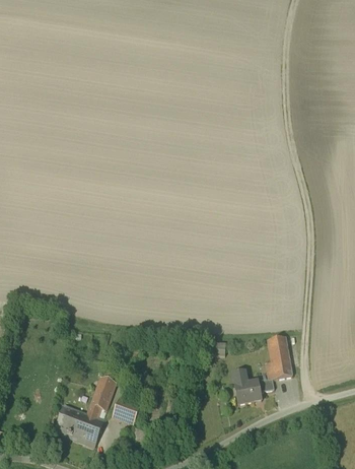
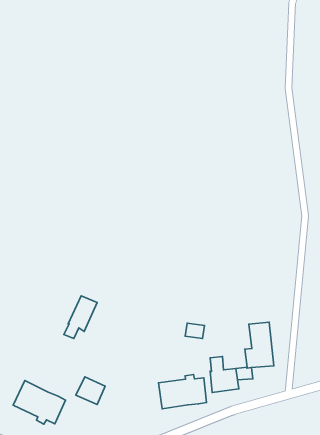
building: [87,378,116,417] -> [64,296,97,339]
building: none -> [158,374,207,409]

